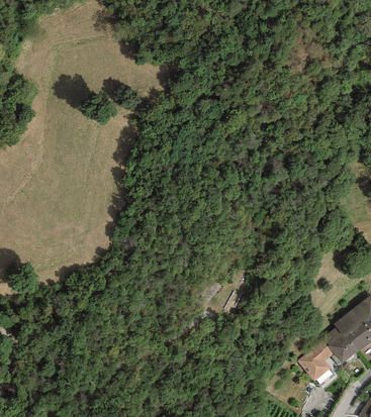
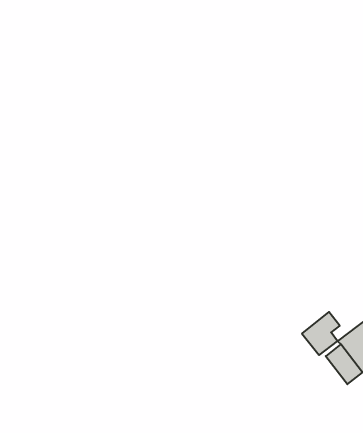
building: [297,341,333,382] -> [302,312,340,355]

